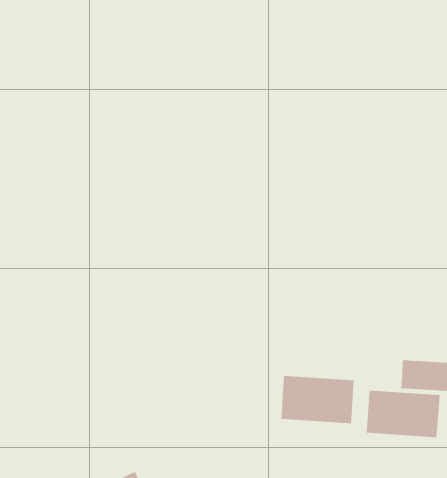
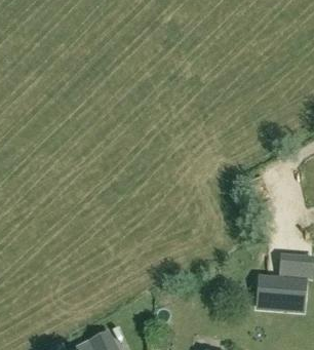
building: [281,375,354,424] -> none

